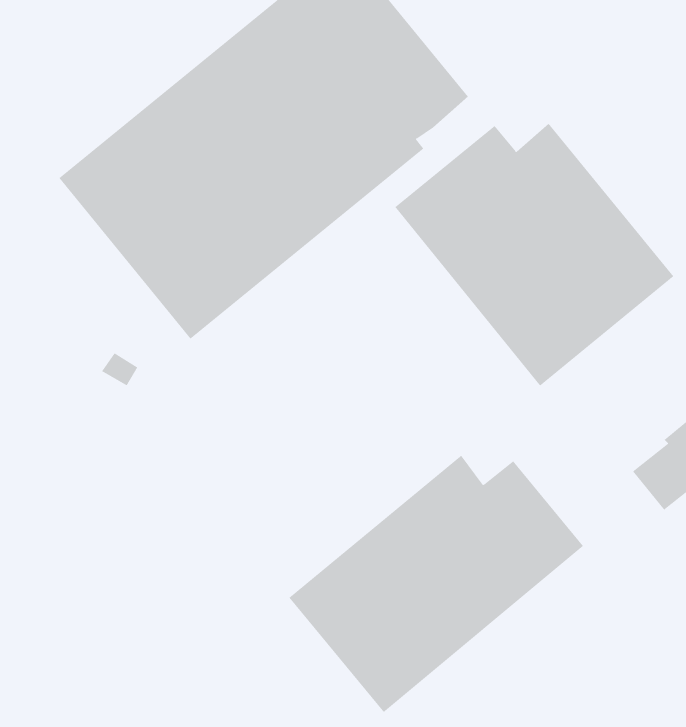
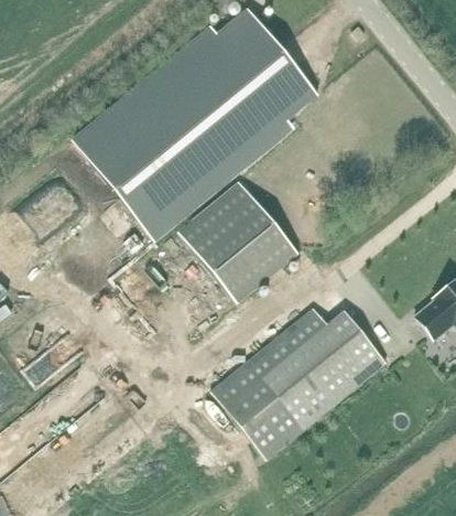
building: [395,123,674,386] -> none
building: none -> [177,180,298,302]

